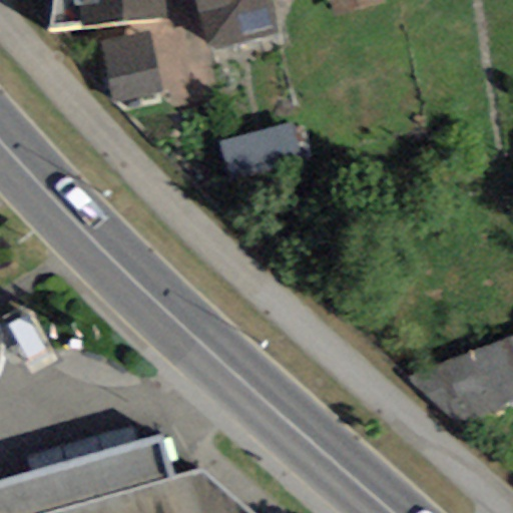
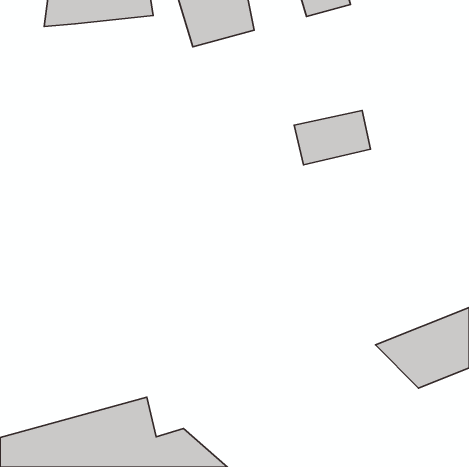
building: [97,30,163,103] -> none
building: [218,124,302,183] -> [294,111,370,165]

